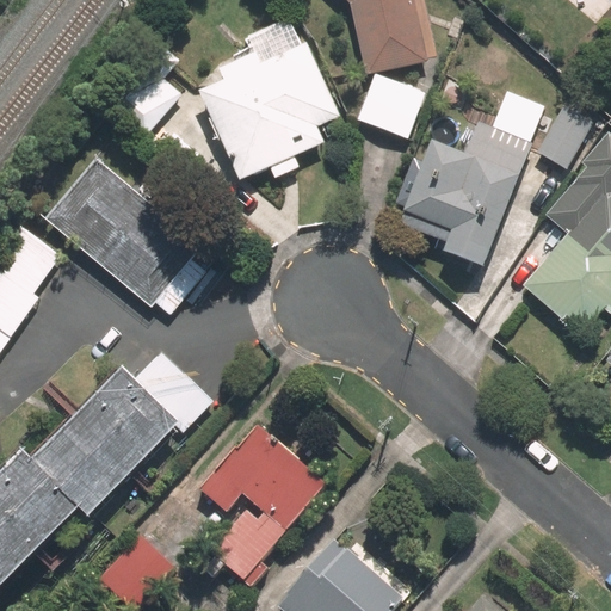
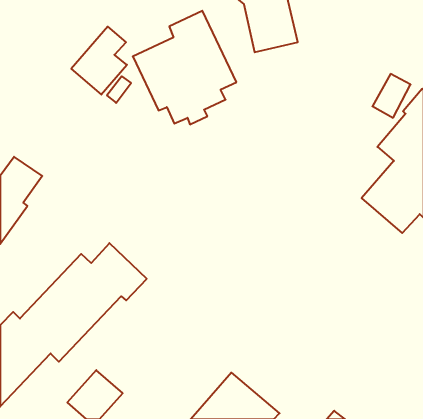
building: [357,76,422,138] -> none
building: [397,118,538,271] -> none
building: [47,160,209,314] -> none
building: [198,424,327,588] -> none

